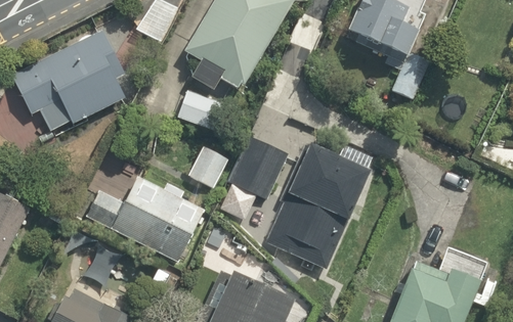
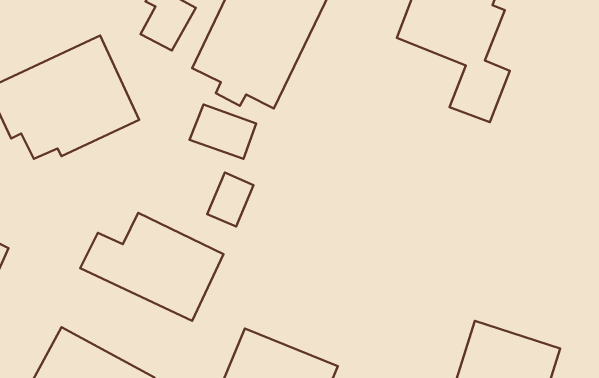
building: [231,141,286,204] -> none
building: [260,142,371,273] -> none

